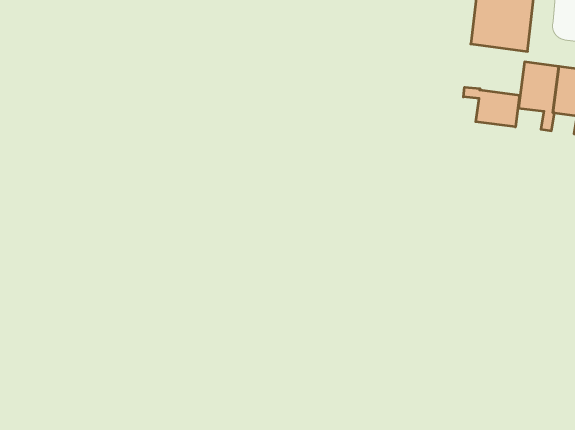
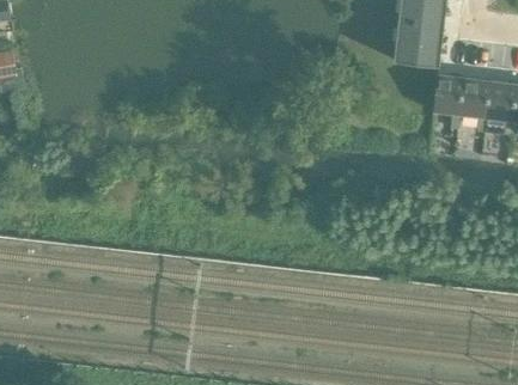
building: [463,87,520,127] -> none

